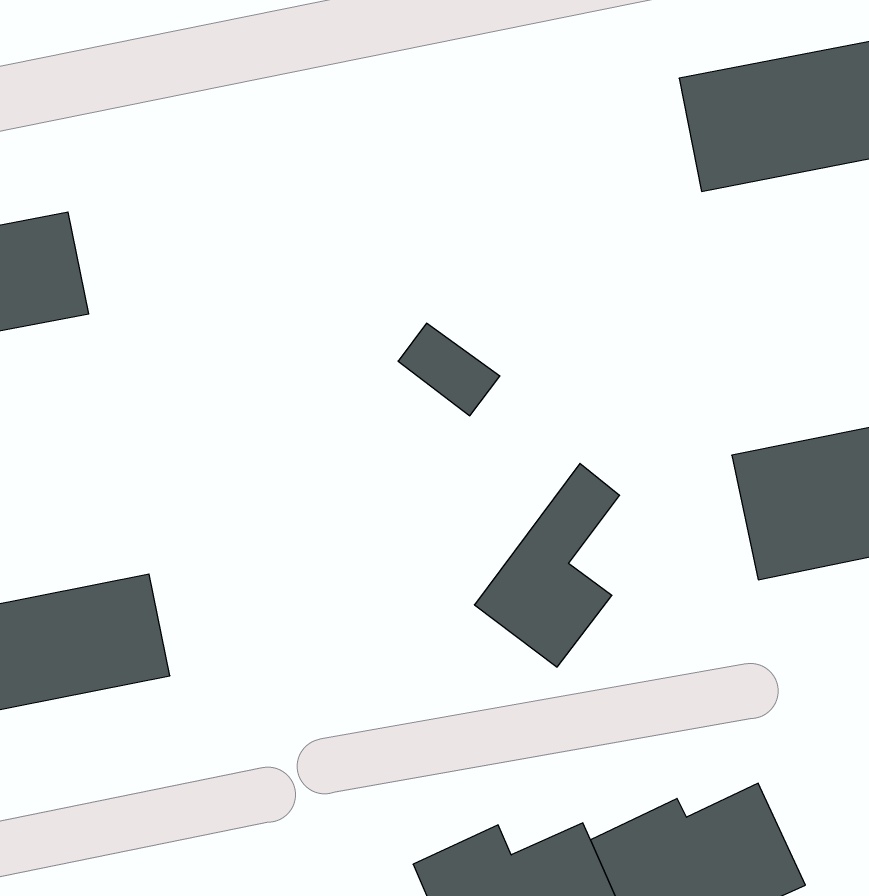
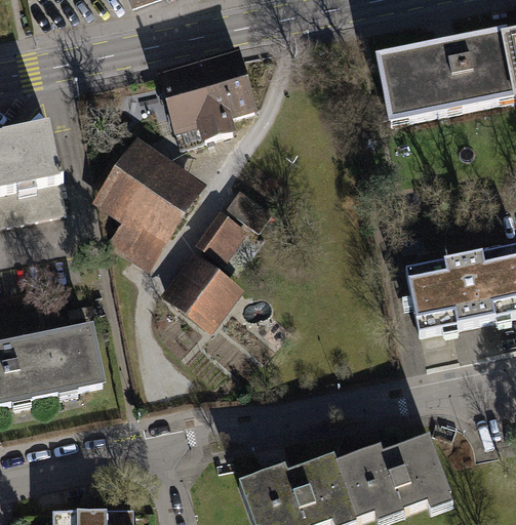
building: none -> [152,54,259,143]
building: none -> [103,139,203,261]
building: [474,463,620,667] -> [166,214,245,325]

